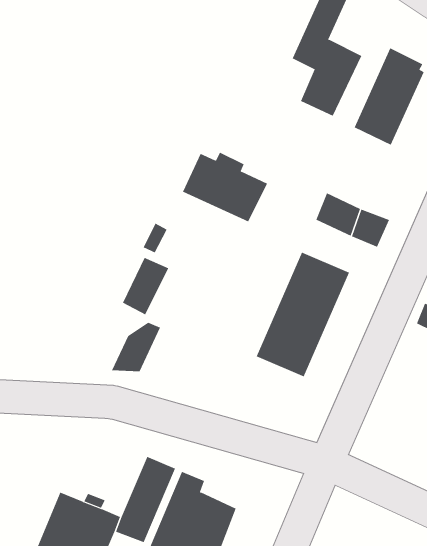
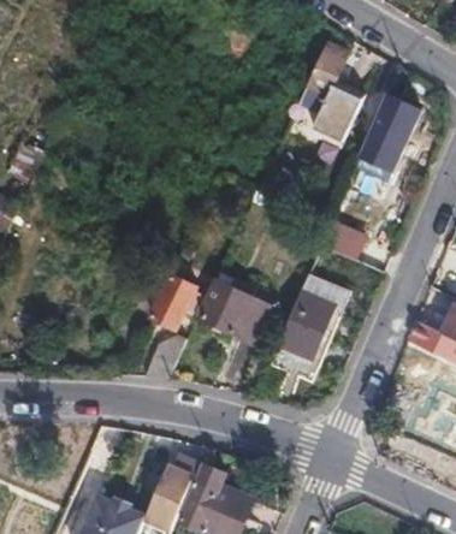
building: [182,152,268,222] -> [199,283,273,344]

